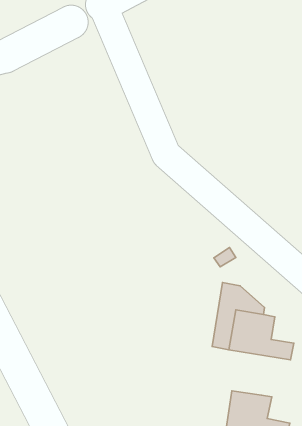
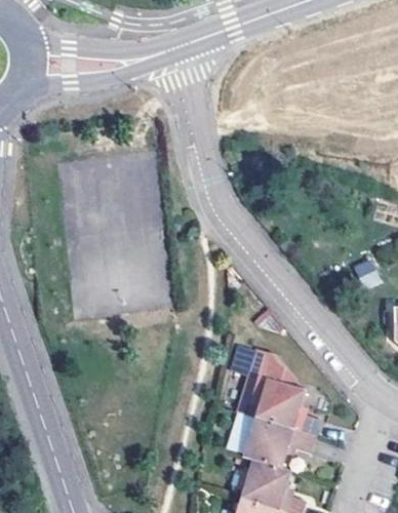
building: none -> [240,418,314,469]

